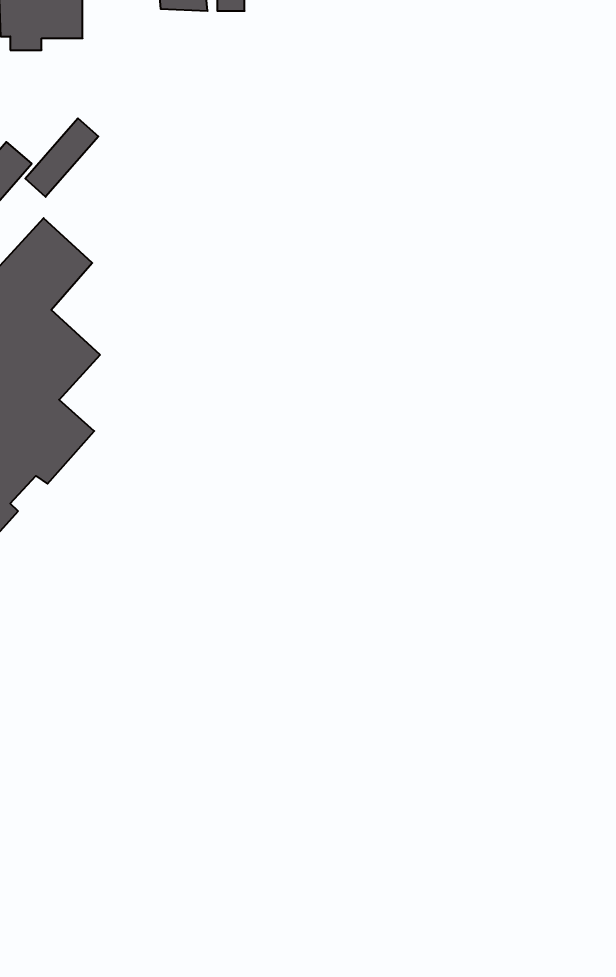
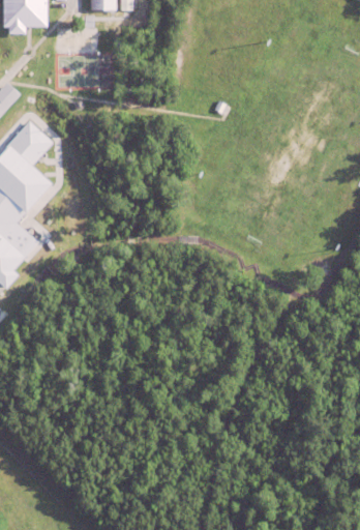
building: [25,118,98,197] -> none

